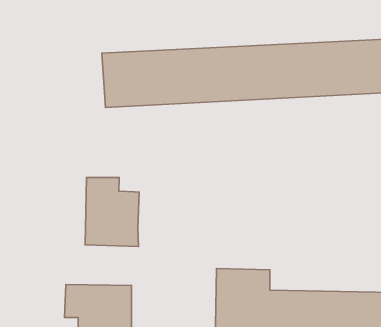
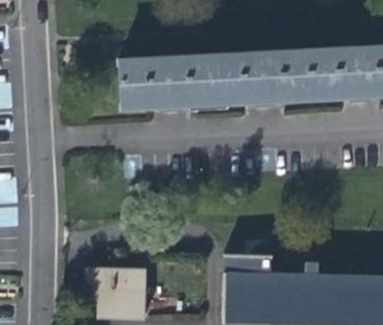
building: [85,177,139,247] -> none

